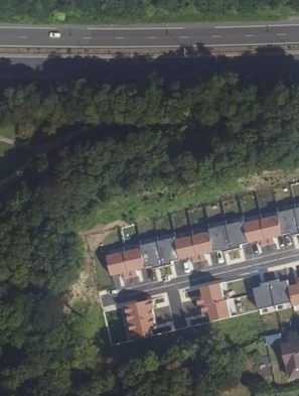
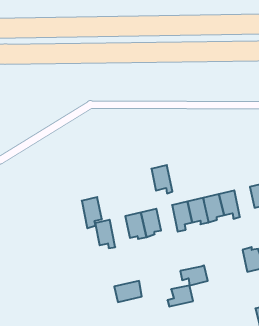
building: [260,211,282,244] -> none
building: [174,231,197,262] -> [151,165,172,193]
building: [123,243,145,277] -> [82,197,102,228]
building: [252,280,274,308] -> none
building: [195,281,223,304] -> [167,286,193,307]
building: [125,296,157,320] -> none

